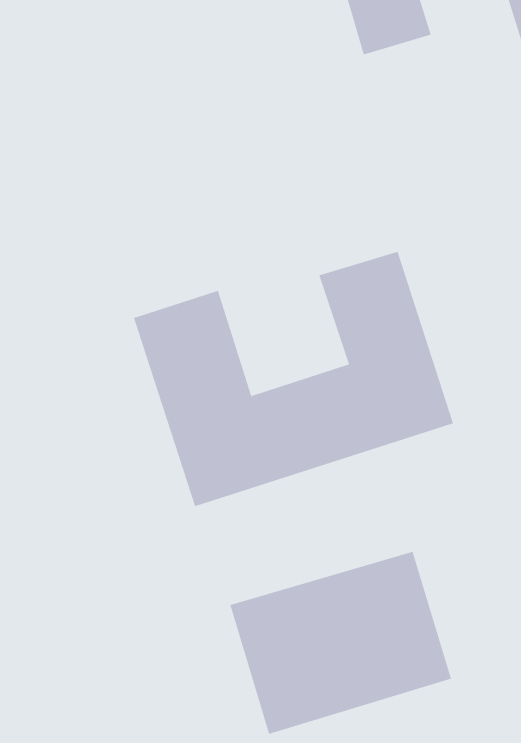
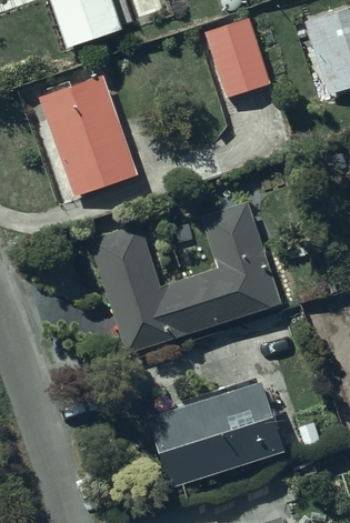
building: none -> [41,77,134,195]

